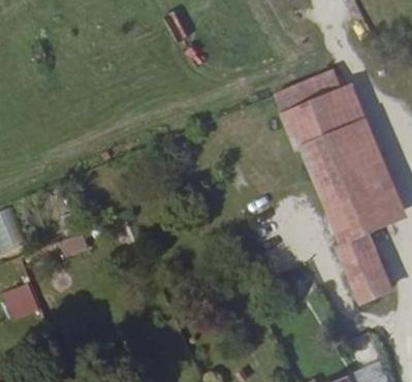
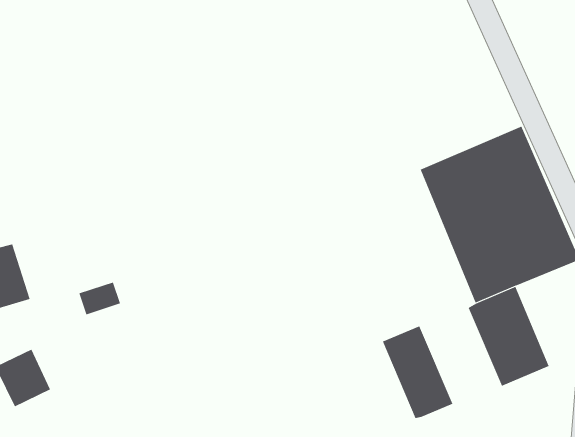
building: [274,77,356,157] -> none
building: none -> [382,325,453,419]

